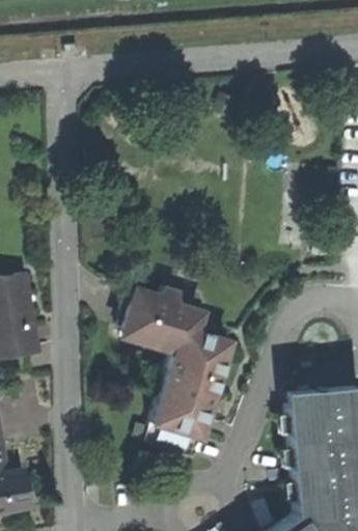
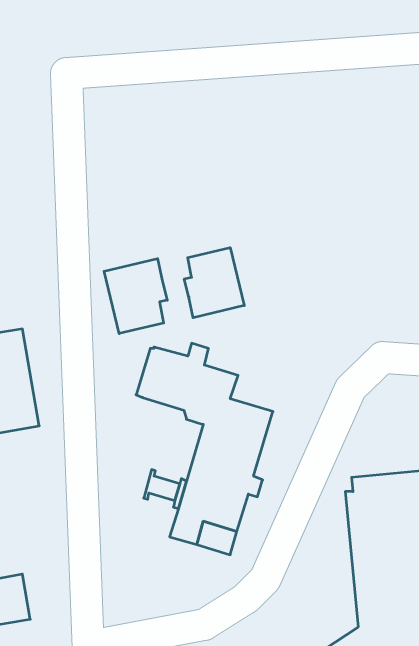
building: none -> [184,248,244,318]
building: none -> [104,259,167,334]

